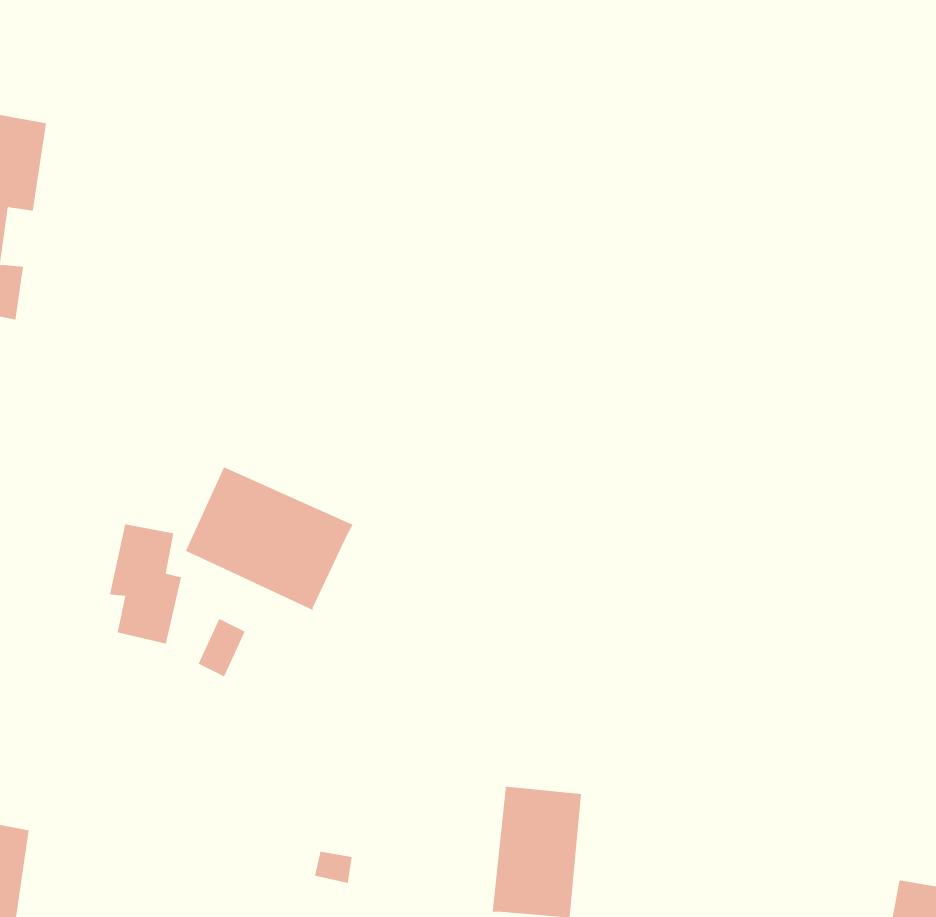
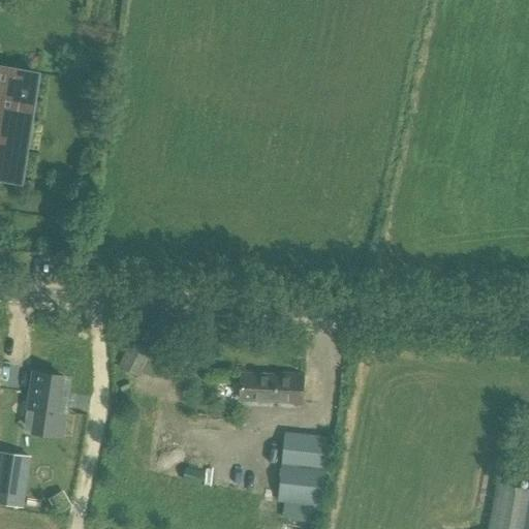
building: [185,467,353,611] -> none
building: [109,524,182,644] -> [27,376,66,441]
building: none -> [241,374,303,405]

